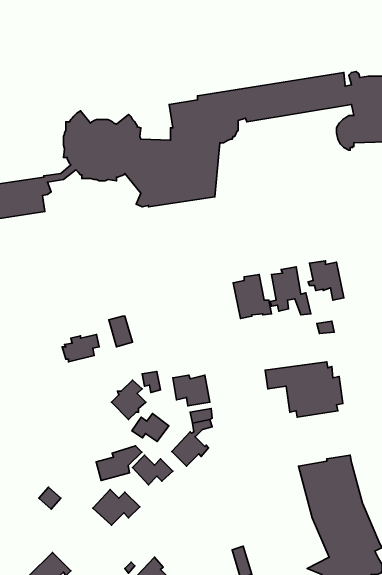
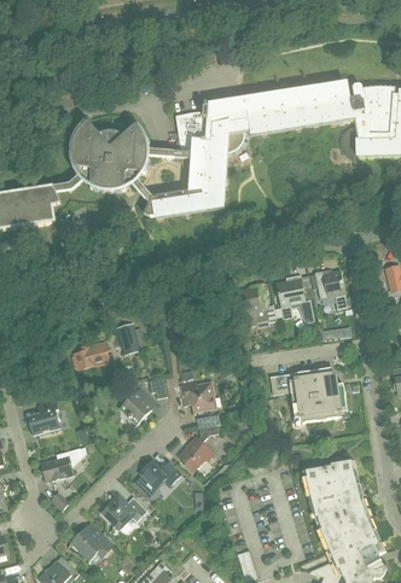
building: none -> [28,400,59,433]
building: [132,413,169,442] -> none
building: [96,446,142,480] -> [40,447,85,480]
building: none -> [70,521,112,559]

